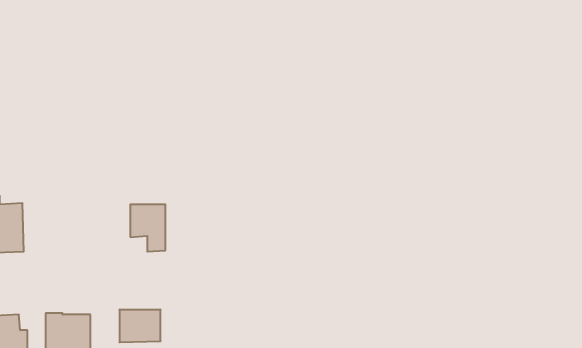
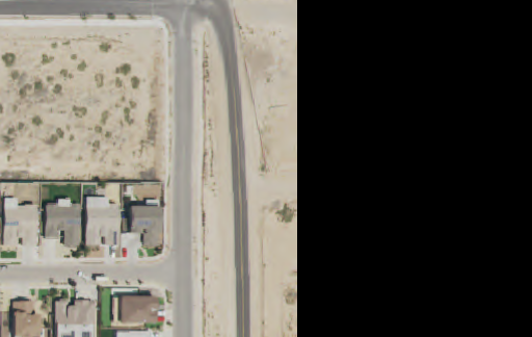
building: none -> [85,198,119,245]
building: none -> [45,200,80,248]

